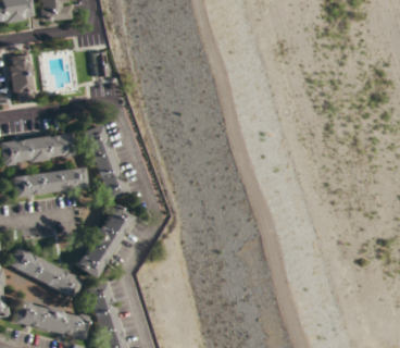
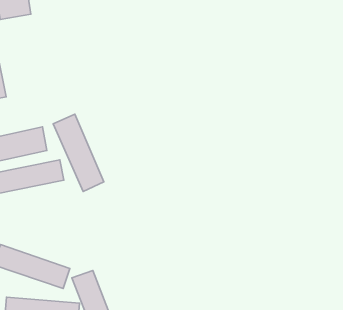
building: [74,202,134,279] -> none

